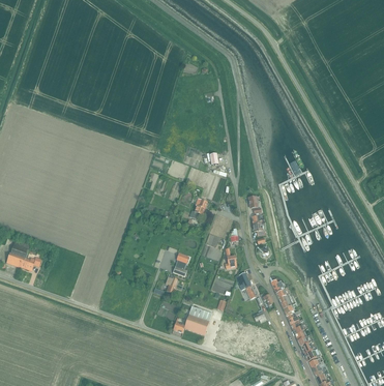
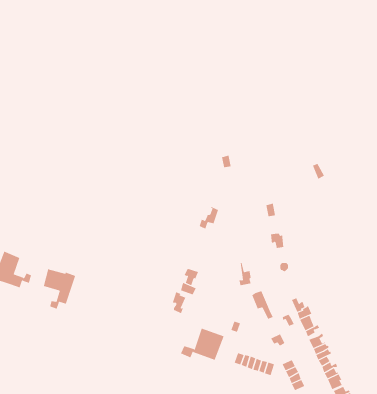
building: none -> [43,269,76,310]

